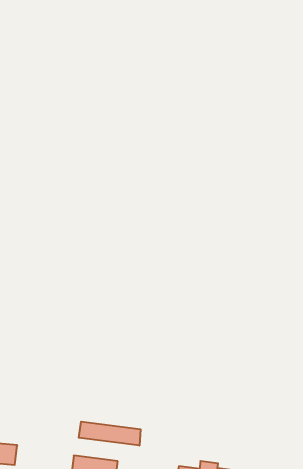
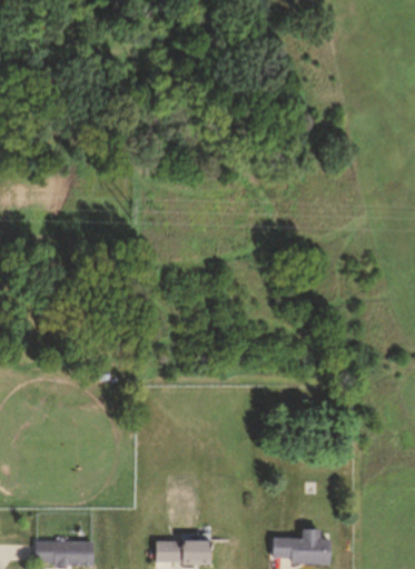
building: [79,422,141,446] -> none

